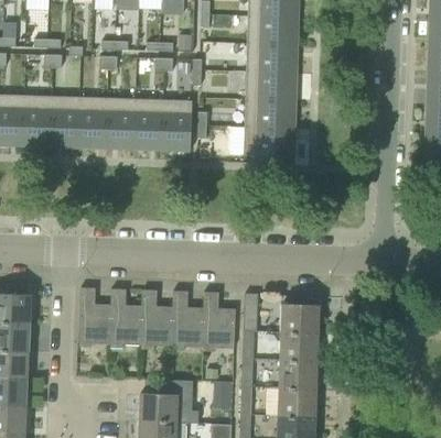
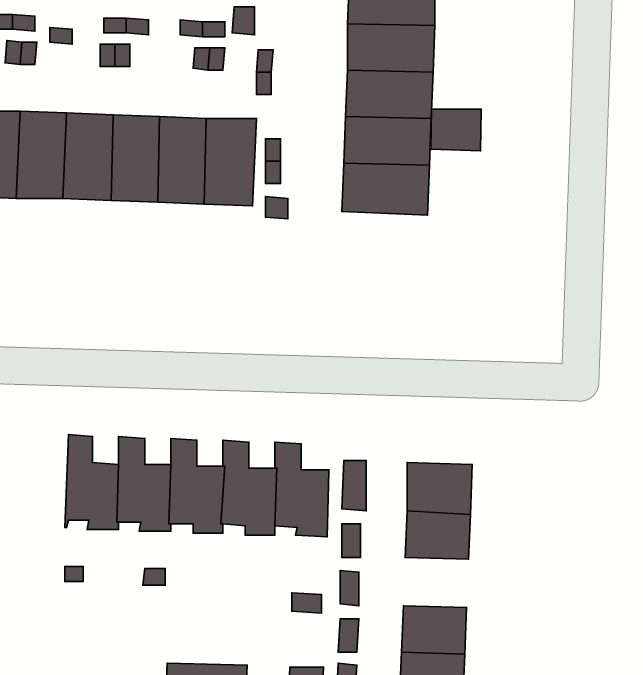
building: none -> [431,109,481,151]
building: [279,360,318,390] -> none
building: [139,380,198,424] -> none

